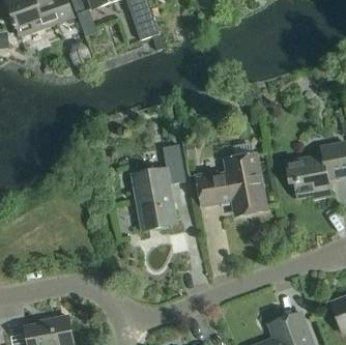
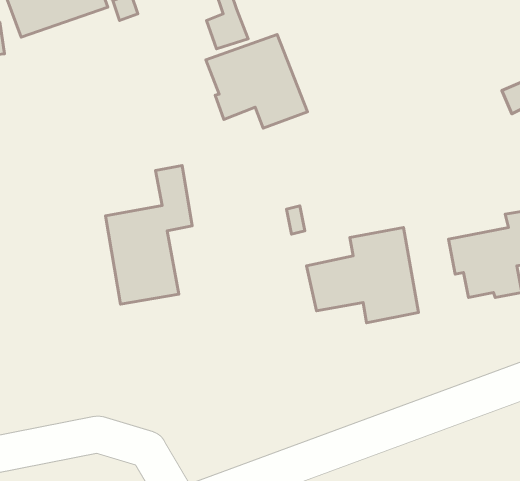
building: none -> [206,34,308,128]
building: [131,144,184,230] -> [105,166,192,304]

